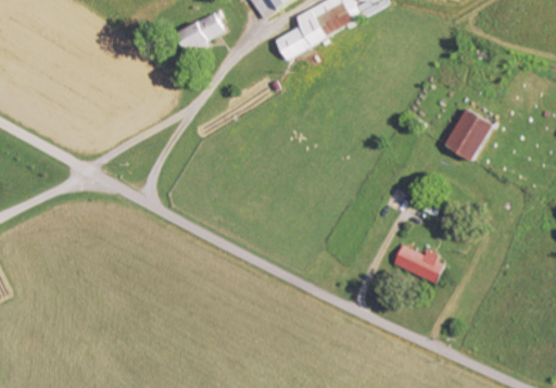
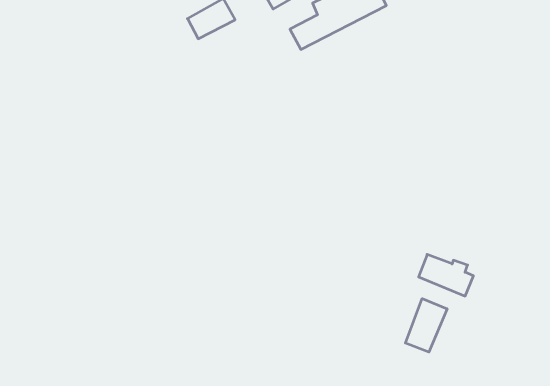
building: [444,108,494,161] -> none
building: none -> [405,299,447,352]

